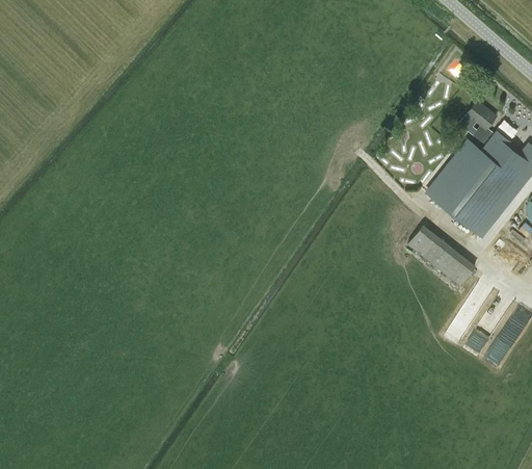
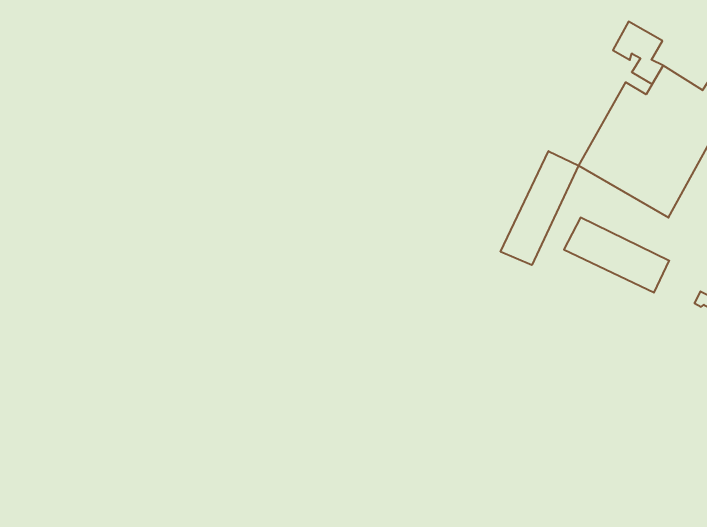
building: none -> [501,151,578,265]

